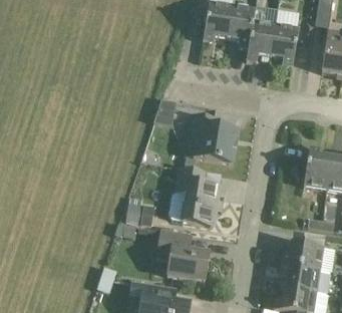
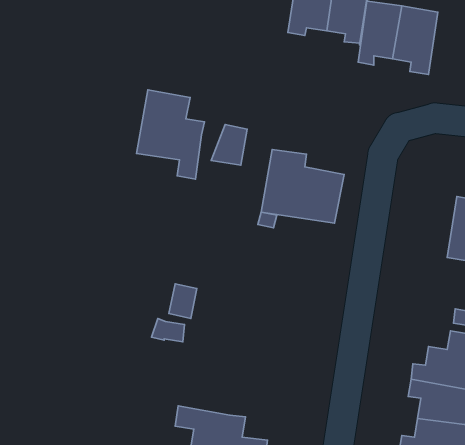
building: none -> [137,90,204,179]
building: [176,167,220,225] -> none
building: [155,229,209,279] -> none

